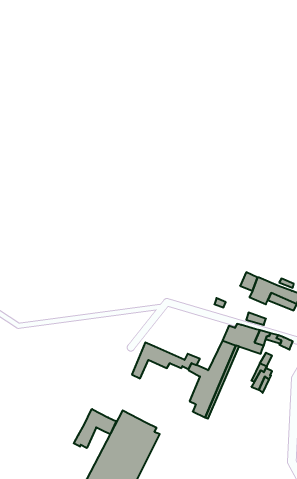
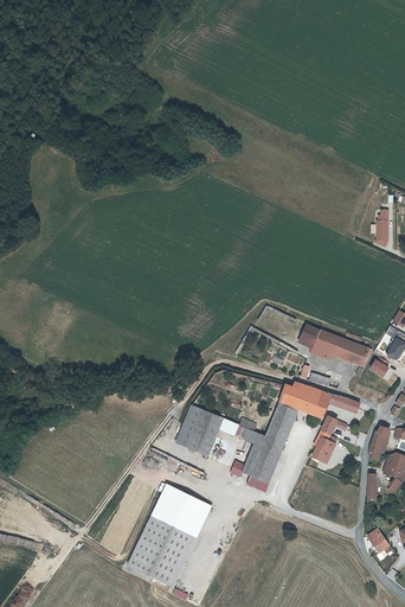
building: none -> [185,424,216,455]
building: [74,409,116,448] -> none

